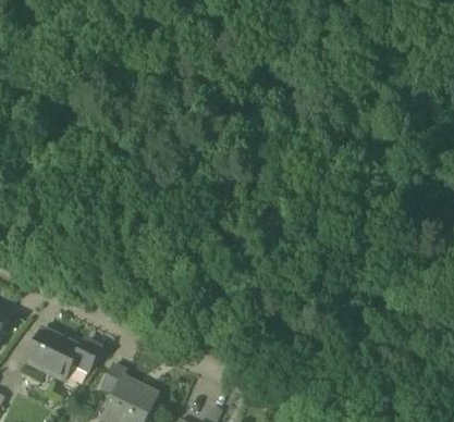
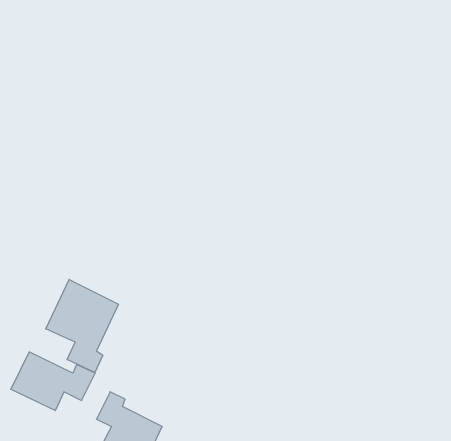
building: none -> [46,279,118,373]

